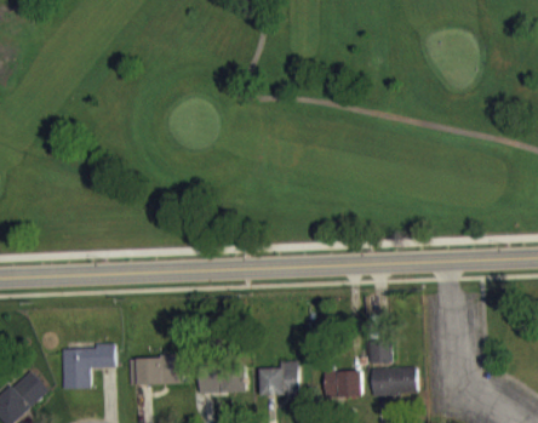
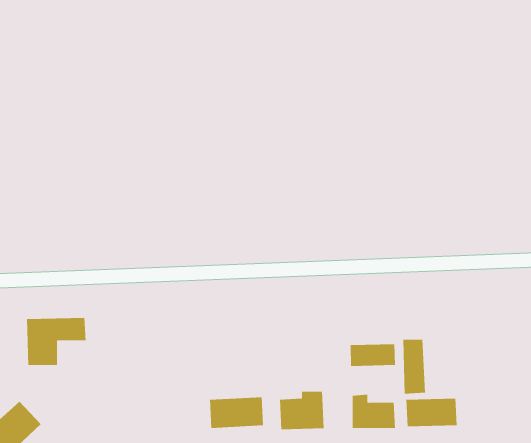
building: none -> [350,343,396,367]
building: [62,348,115,390] -> [26,318,87,366]
building: [128,358,183,385] -> none

